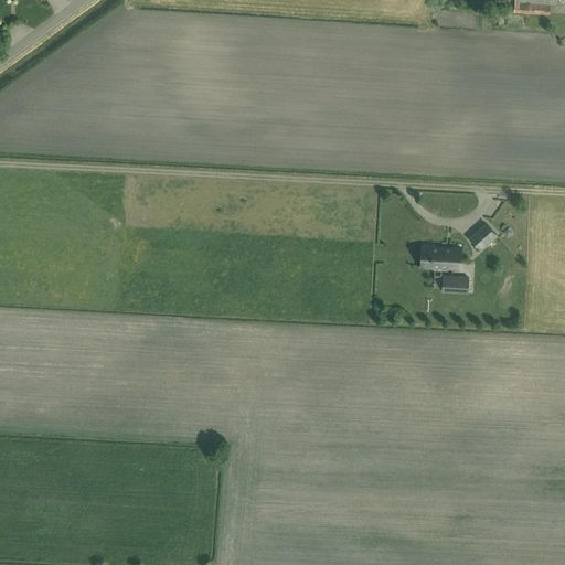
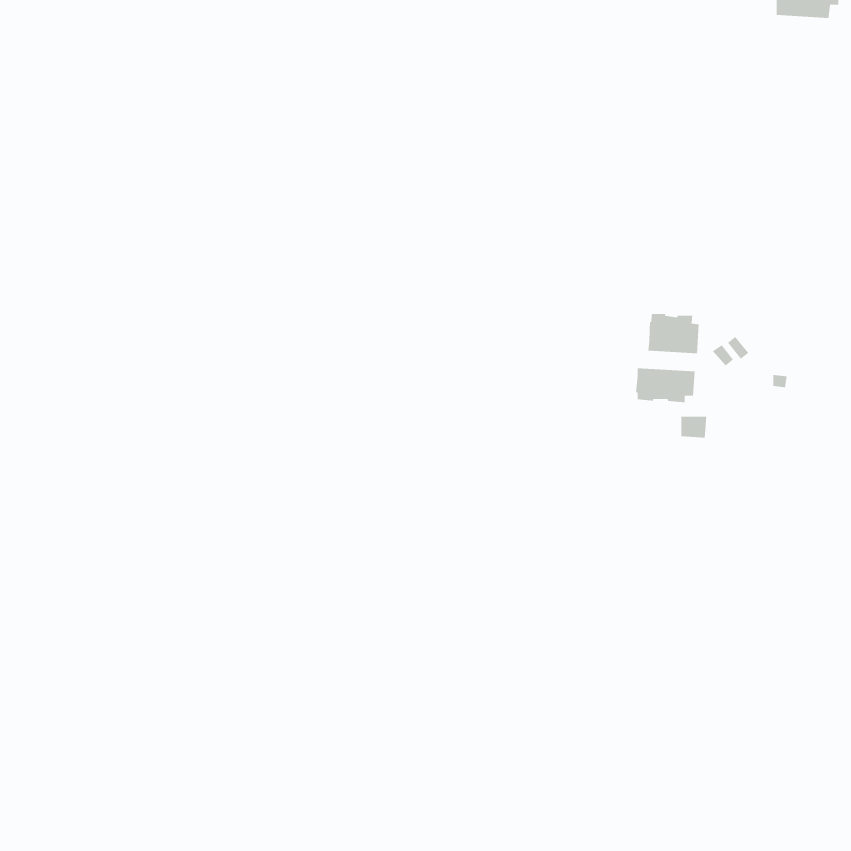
building: none -> [648,313,699,354]

